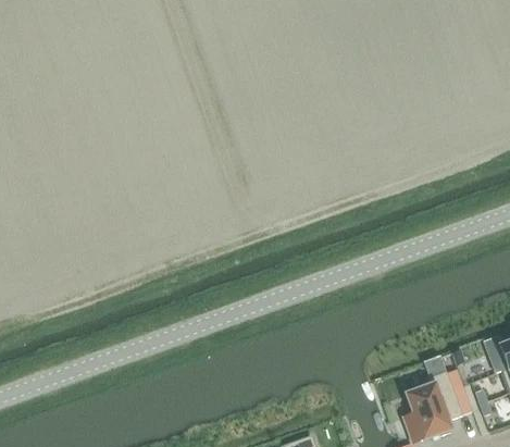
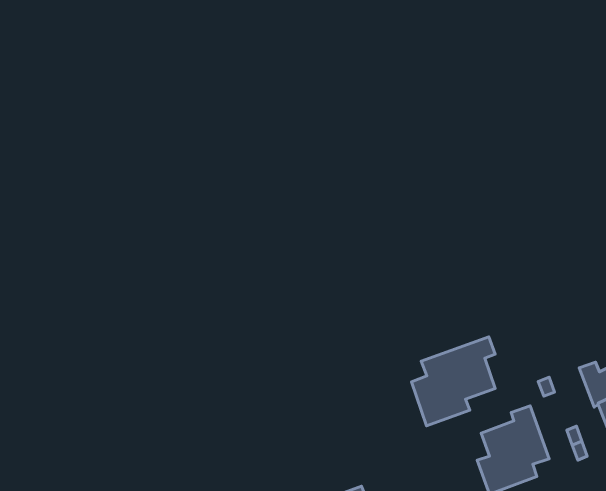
building: none -> [411,337,495,426]

